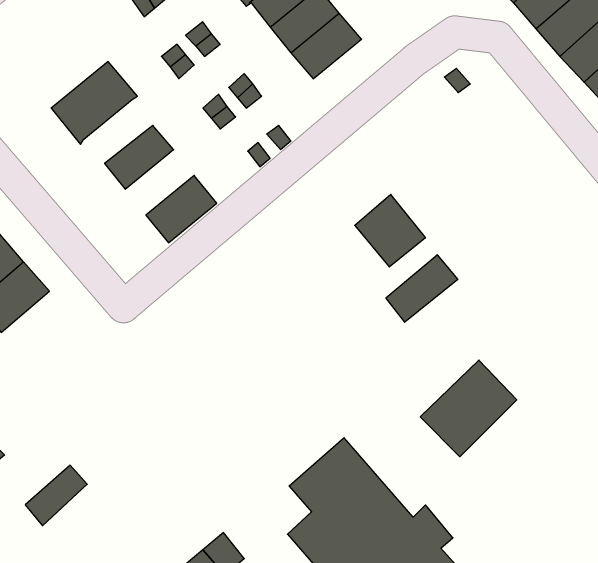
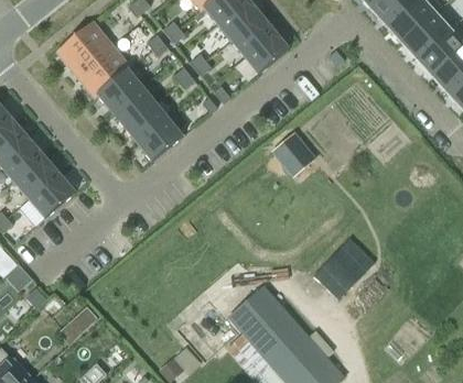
building: none -> [56,21,112,75]
building: none -> [244,31,288,74]
building: none -> [97,69,141,110]
building: none -> [123,101,168,143]
building: [386,255,458,322] -> none

